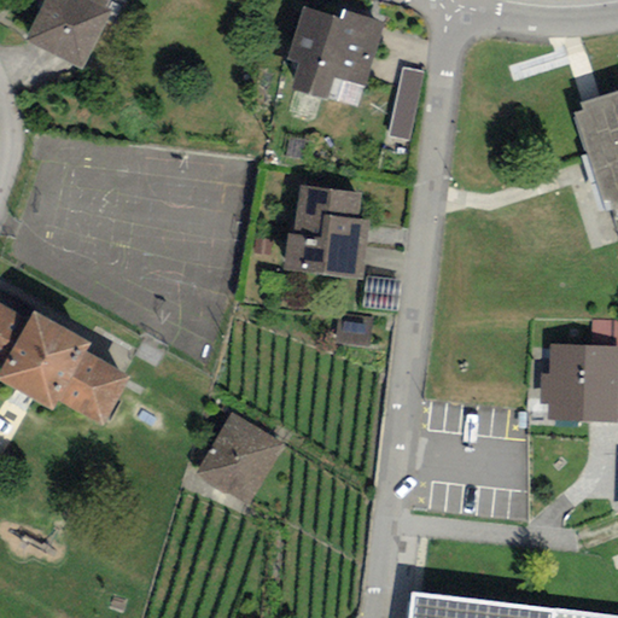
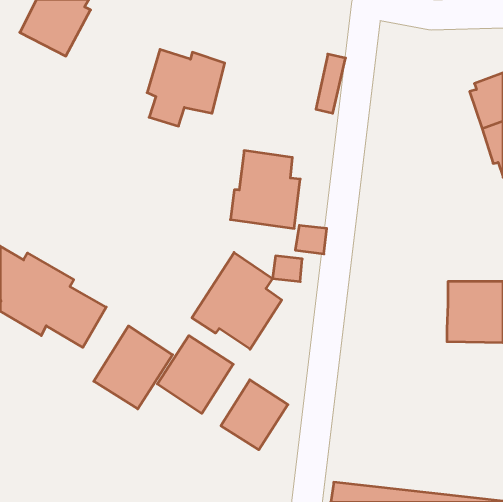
building: [287,5,383,99] -> [147,49,225,126]
building: none -> [192,252,282,349]
building: none -> [94,326,173,409]
building: none -> [221,380,288,450]

